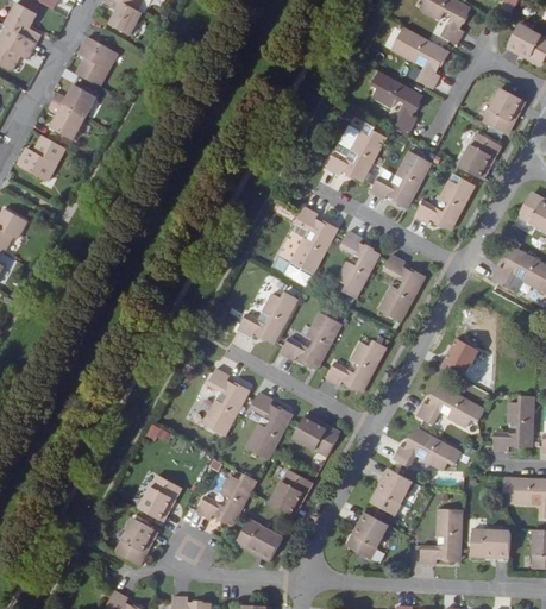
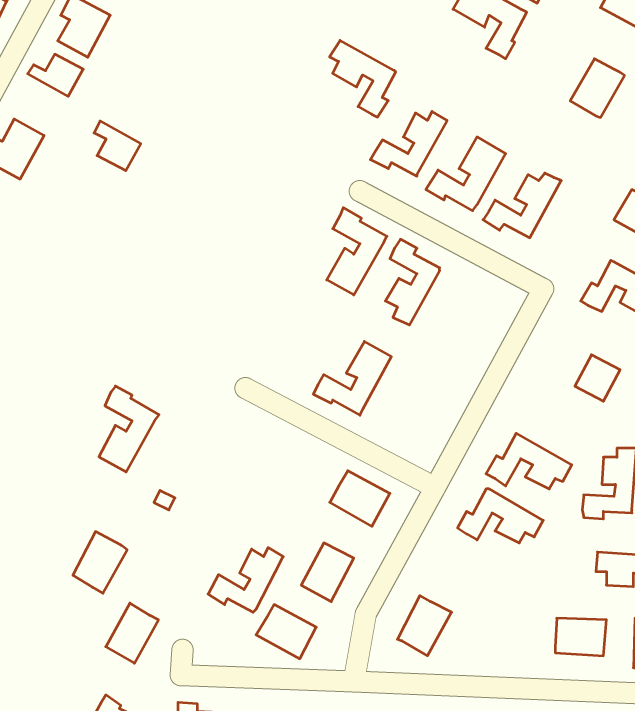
building: [370,69,422,130] -> [330,40,396,117]
building: [49,99,86,138] -> [94,121,141,171]
building: [458,131,501,178] -> none
building: [378,253,426,321] -> none
building: [237,291,297,343] -> none
building: [441,337,477,373] -> [575,355,620,401]
building: [326,339,387,390] -> none
building: [202,368,250,435] -> [99,386,159,472]
building: [245,391,293,459] -> none
building: [370,467,413,515] -> none
building: [139,473,182,522] -> [73,532,127,593]
building: [420,509,463,564] -> none

